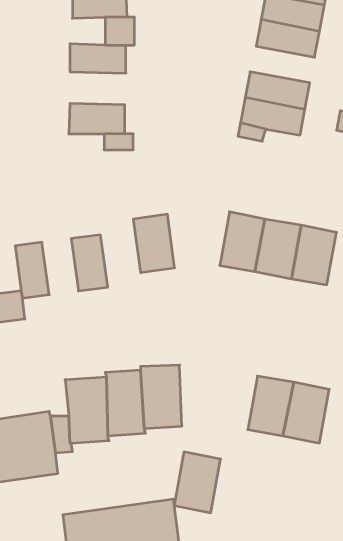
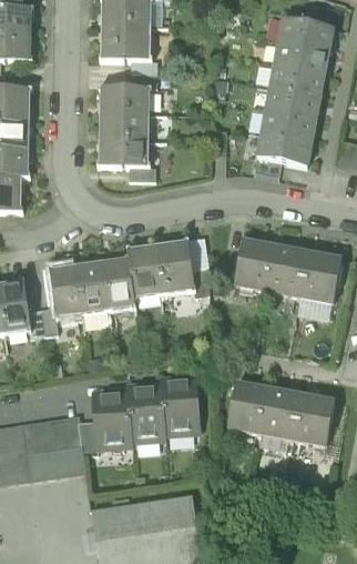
building: none -> [262,85,320,119]
building: none -> [98,109,149,139]
building: none -> [124,243,162,296]
building: none -> [72,261,105,312]
building: [174,452,221,513] -> [226,380,268,435]

